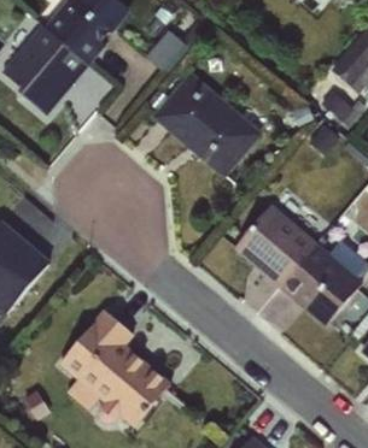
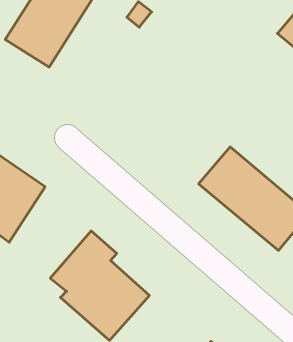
building: [150,70,259,175] -> none

